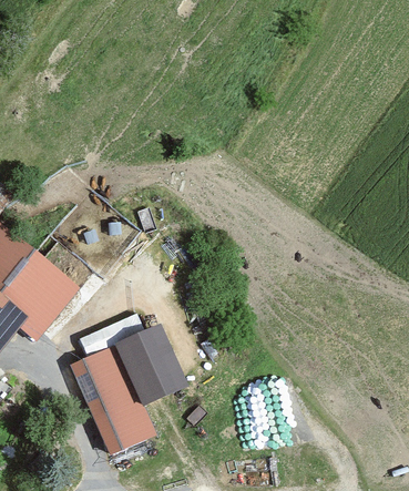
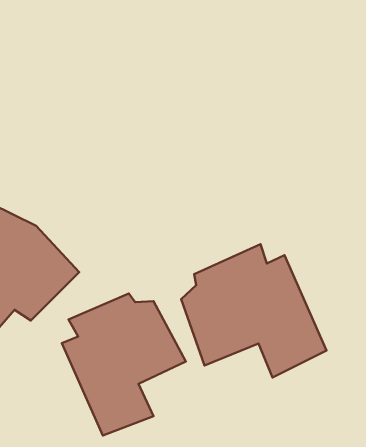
building: none -> [181,244,327,377]

